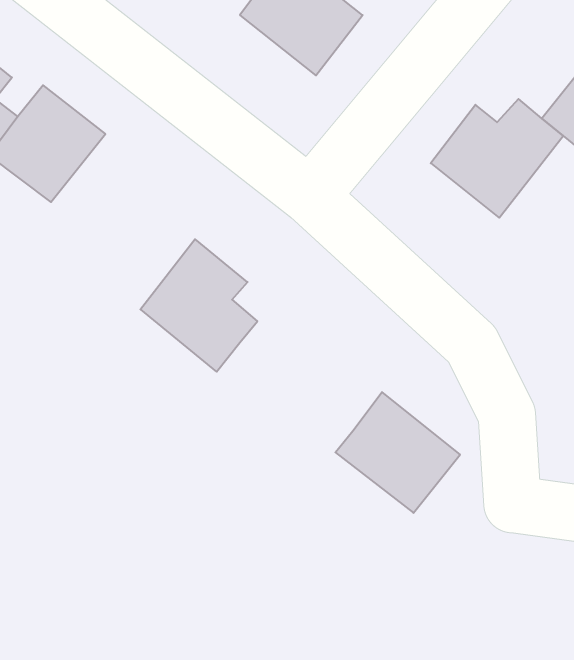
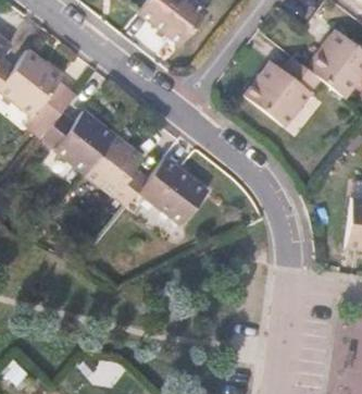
building: none -> [40,112,114,175]
building: [335,392,460,513] -> [139,160,209,227]

